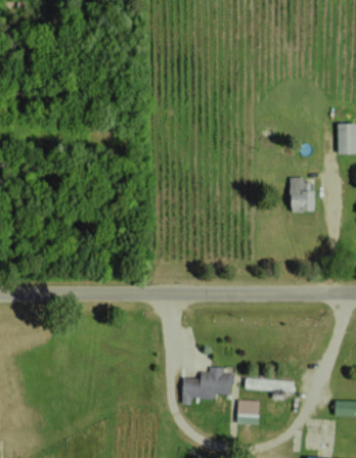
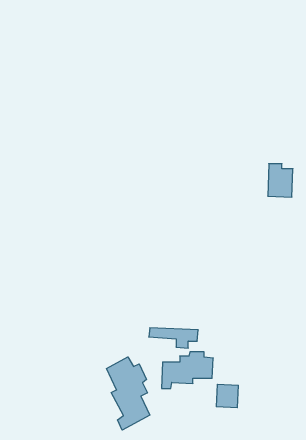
building: none -> [107,357,150,430]
building: [246,378,296,399] -> [149,328,198,348]

